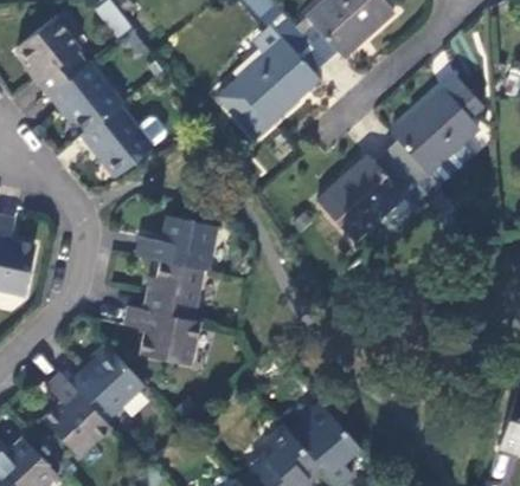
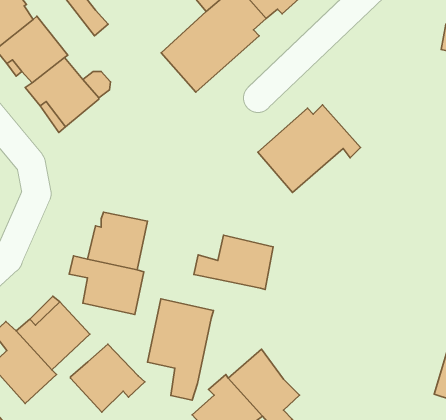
building: [384,76,483,218] -> none
building: [135,215,217,271] -> [194,235,273,289]
building: none -> [147,299,213,400]
building: none -> [70,344,145,412]

